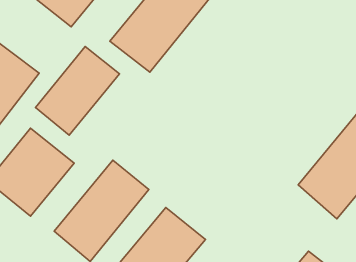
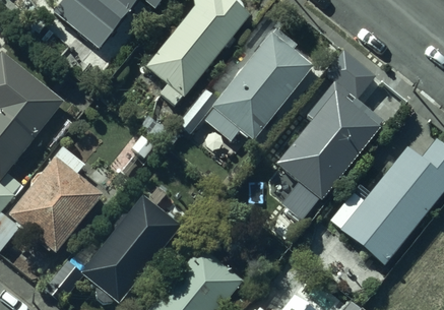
building: none -> [208,29,318,145]
building: [36,46,120,135] -> none
building: none -> [276,92,382,203]

